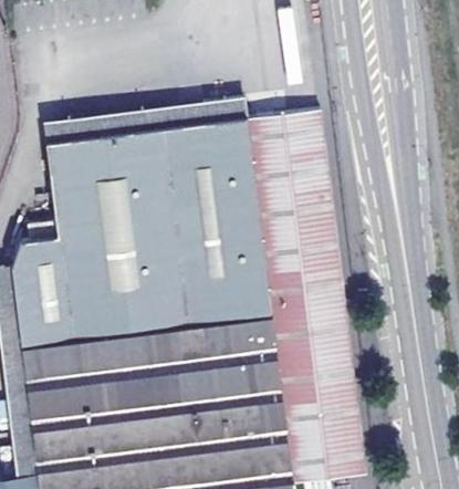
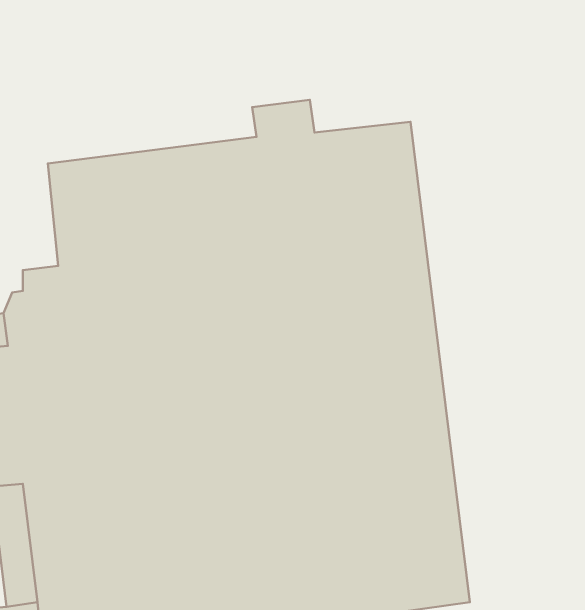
building: [44,104,204,146] -> none

